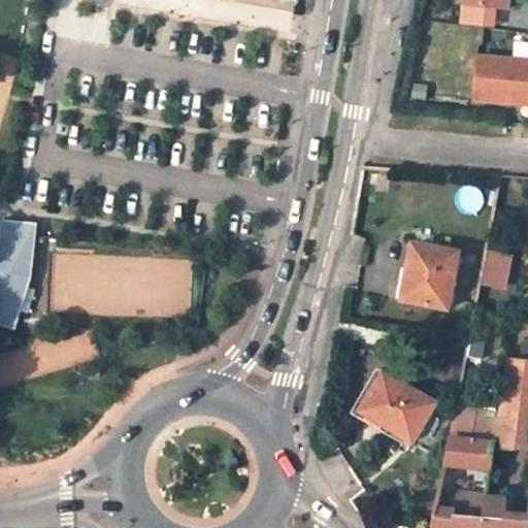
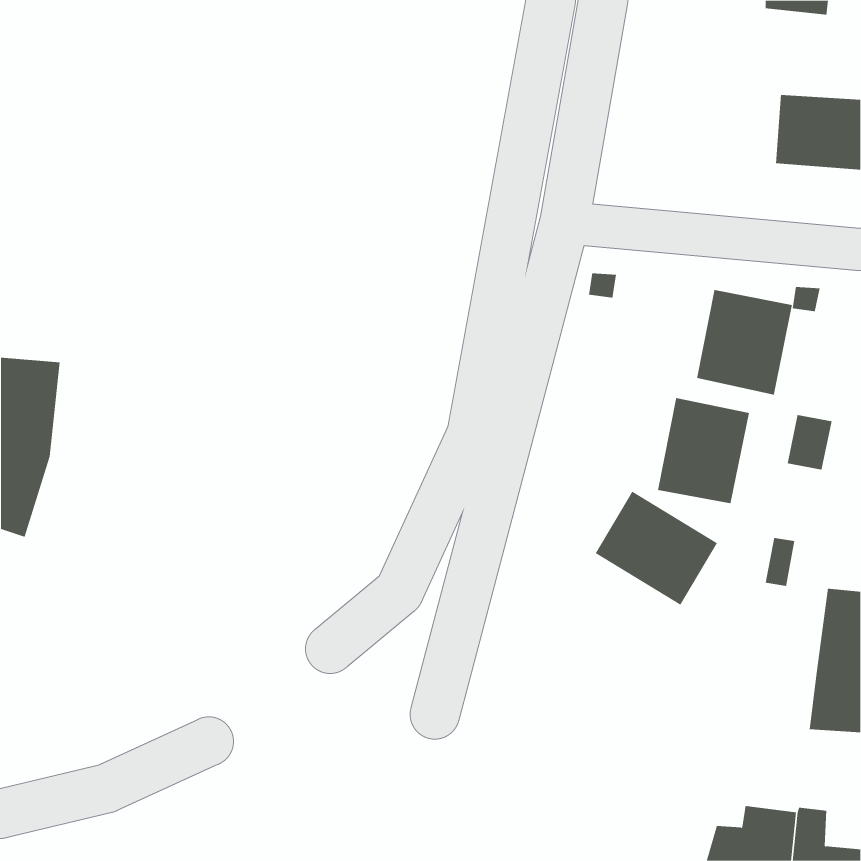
building: none -> [697,289,793,395]
building: [361,372,436,442] -> [595,491,718,605]
building: [446,407,499,469] -> none

